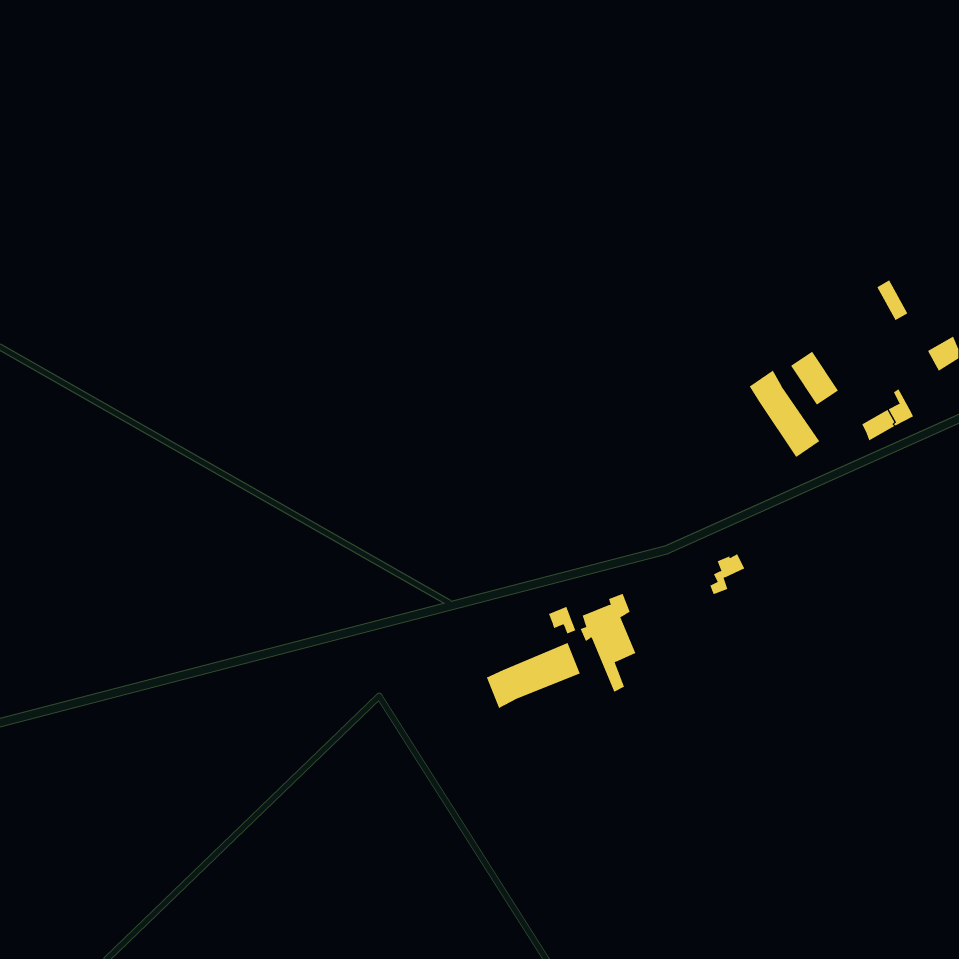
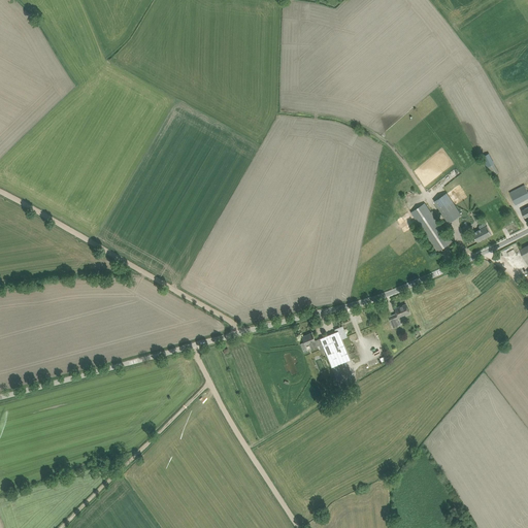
building: [486,642,581,709] -> none

